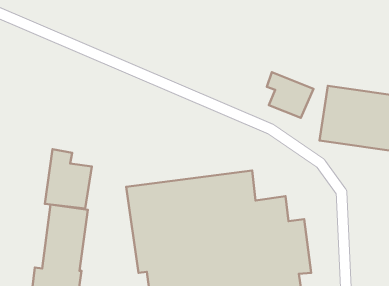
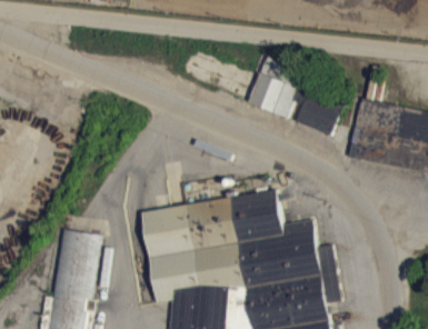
building: none -> [247,56,302,117]
building: [45,149,92,209] -> none

